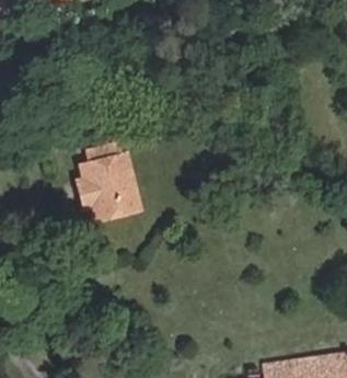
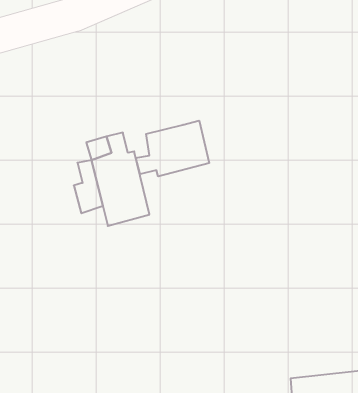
building: none -> [136,121,209,176]

